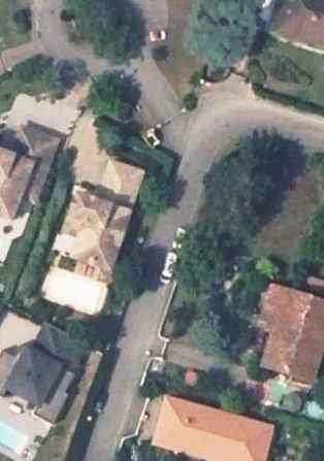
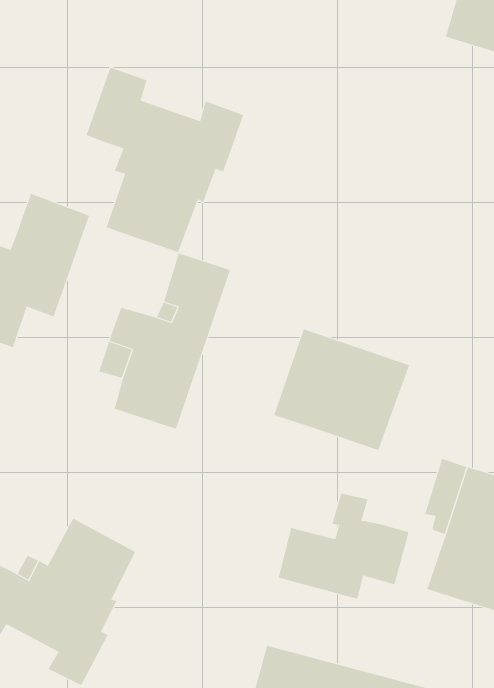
building: none -> [86,67,244,253]
building: none -> [273,329,410,451]
building: none -> [278,493,409,600]

